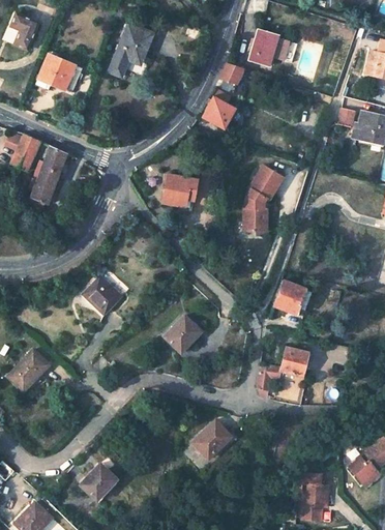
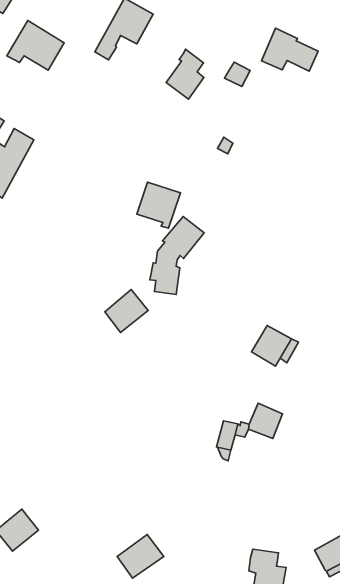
building: [203,87,234,128] -> [166,49,204,99]
building: [242,167,283,233] -> [150,216,204,294]
building: [83,275,122,315] -> none
building: [165,316,201,353] -> [105,290,148,333]
building: [192,420,232,459] -> [117,535,164,578]

